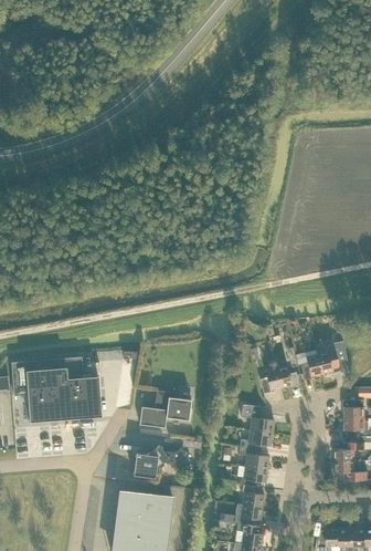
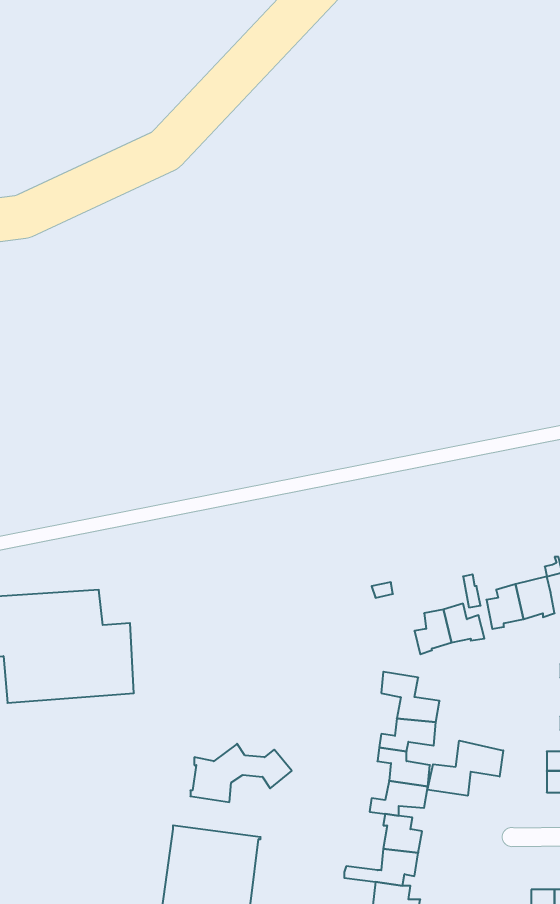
building: [139,389,191,427] -> none
building: none -> [427,741,503,796]

